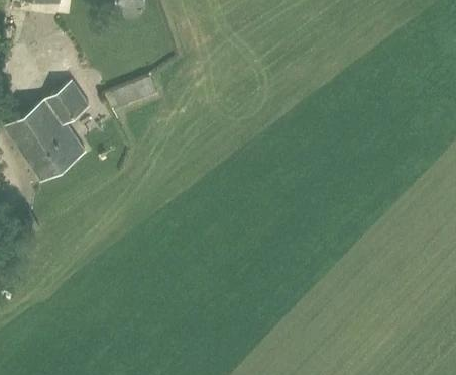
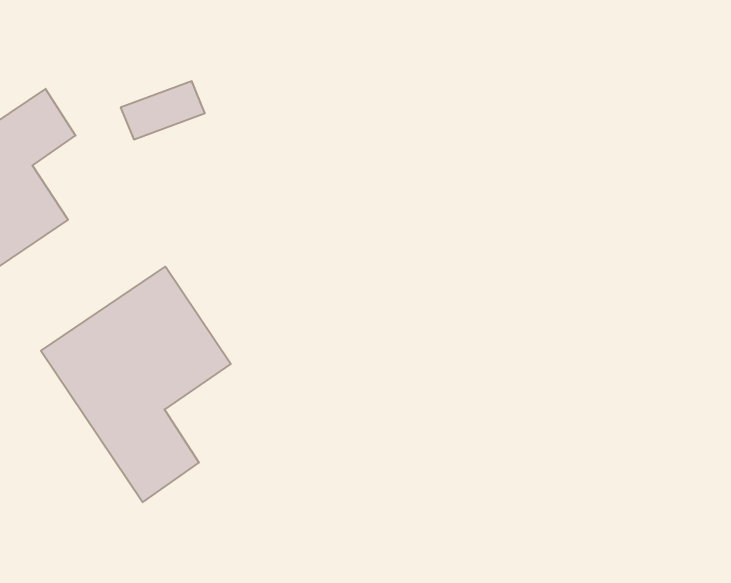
building: none -> [41,267,231,502]

